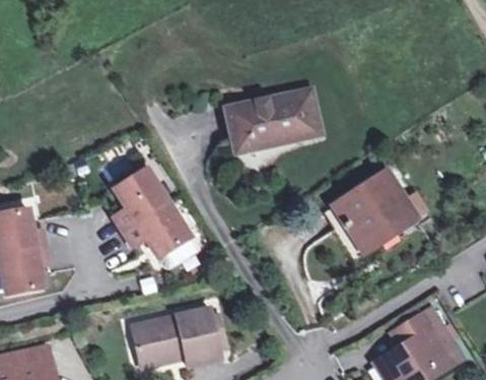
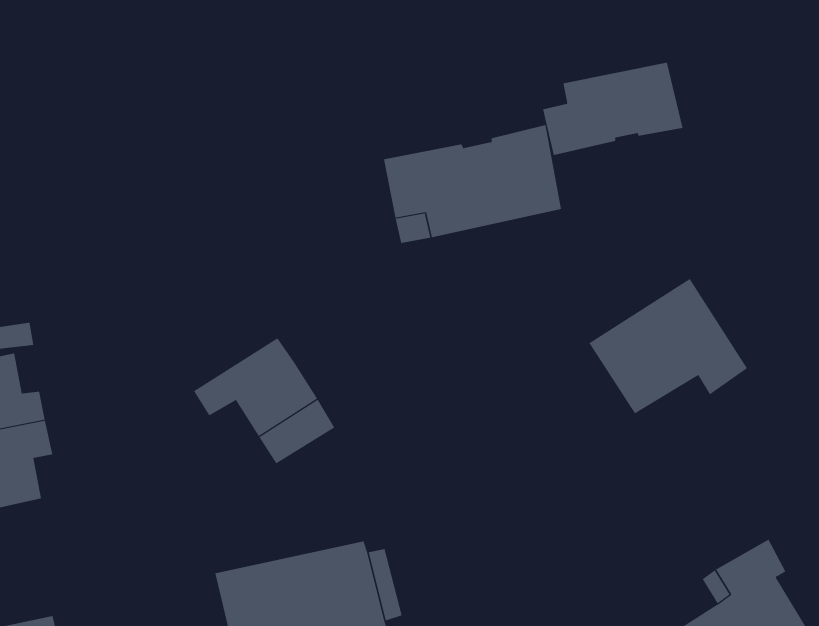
building: none -> [543,62,683,156]
building: [114,165,168,229] -> none
building: [325,203,397,258] -> none

